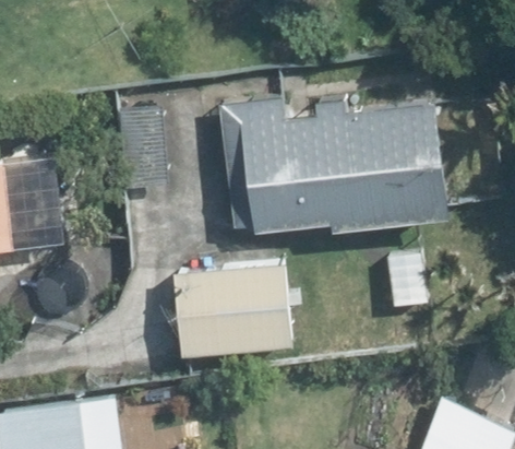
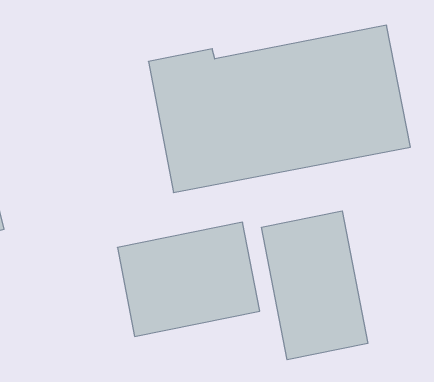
building: none -> [262,211,368,360]

